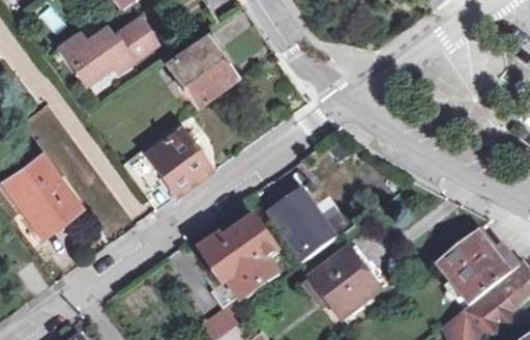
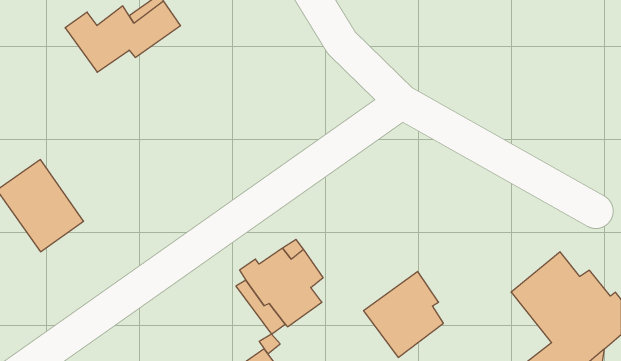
building: [169,29,234,101] -> none
building: [121,125,207,190] -> none
building: [265,190,333,263] -> none

